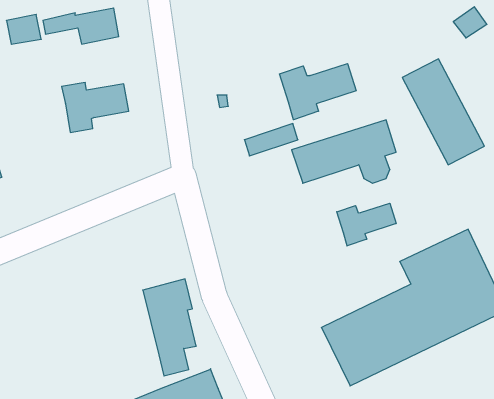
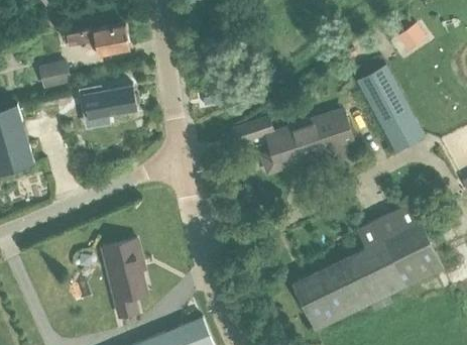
building: [6,14,41,44] -> [40,60,69,84]
building: [279,64,356,120] -> none
building: [337,203,396,246] -> none
building: [143,279,196,376] -> [102,239,145,318]

